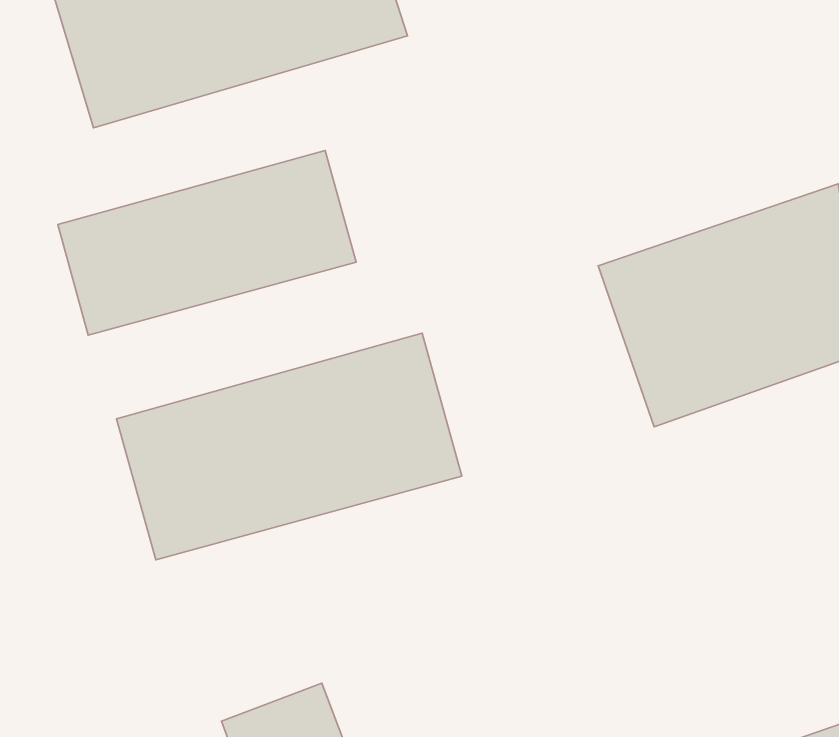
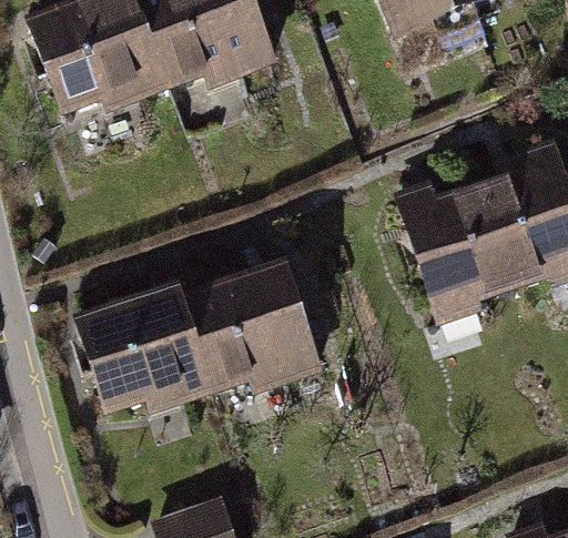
building: [58,150,356,335] -> none

